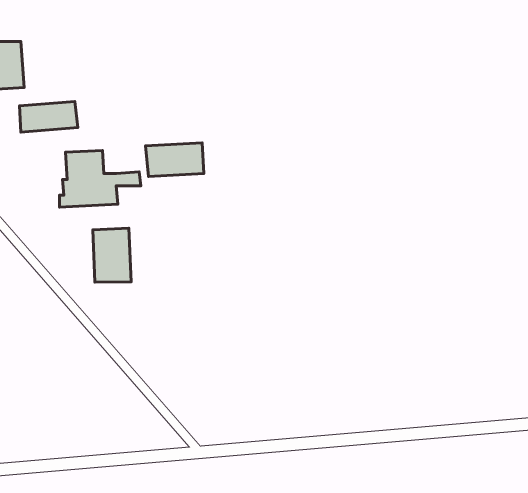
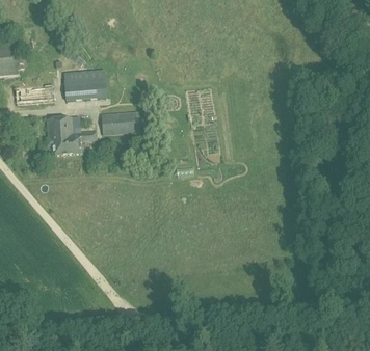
building: none -> [63,69,107,100]
building: [93,228,131,282] -> none

